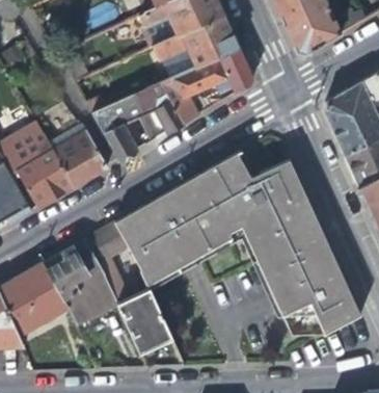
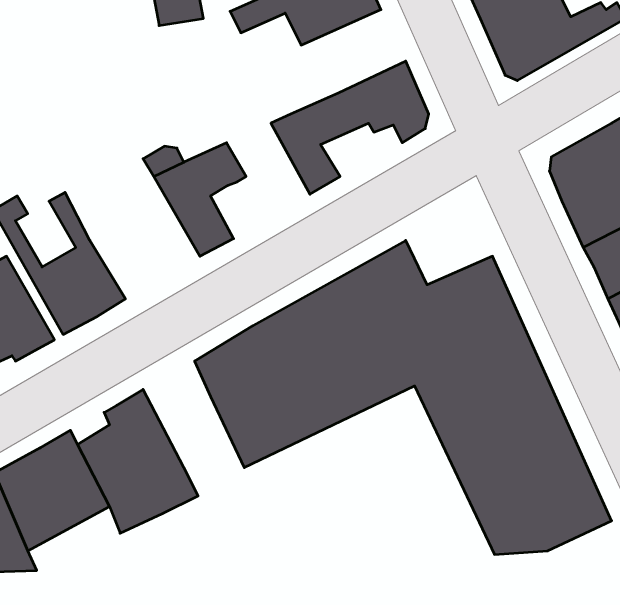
building: [154,16,240,77] -> none
building: [135,82,184,132] -> none
building: [55,131,108,185] -> none
building: [86,221,171,351] -> none

